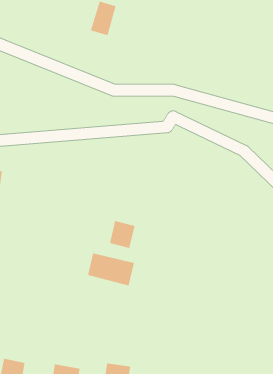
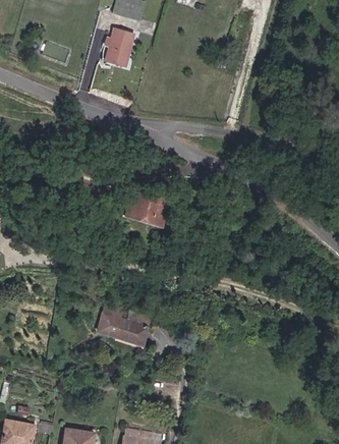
building: none -> [118,191,161,223]
building: [109,220,135,249] -> none

